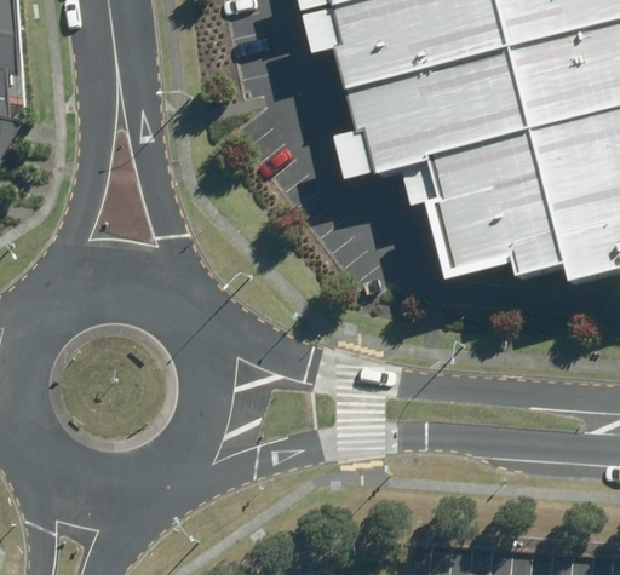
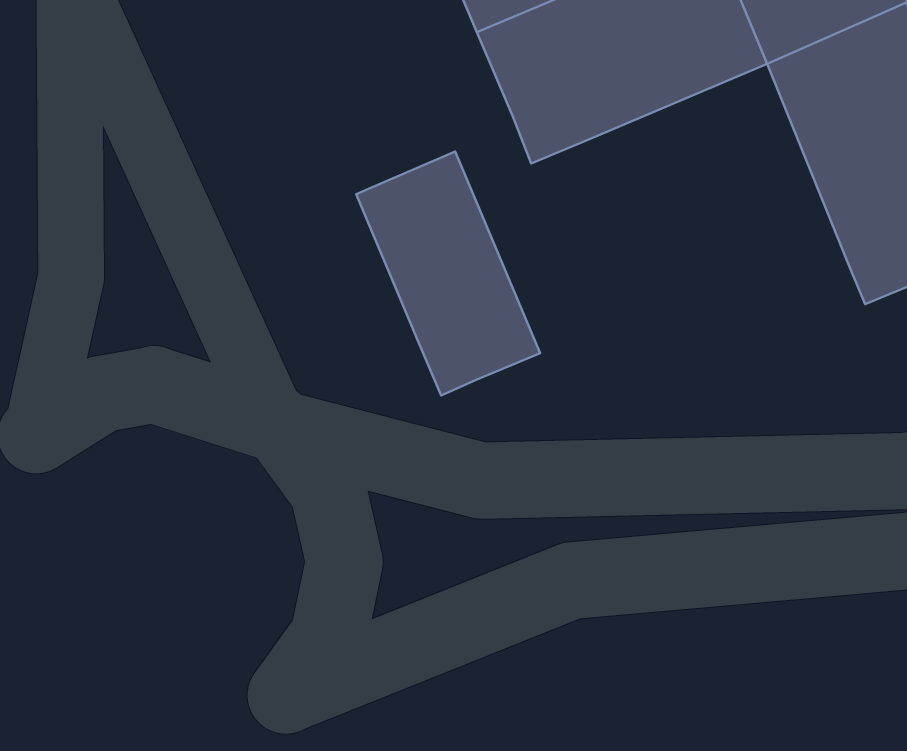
building: [413,133,561,278] -> none
building: none -> [356,152,540,396]

